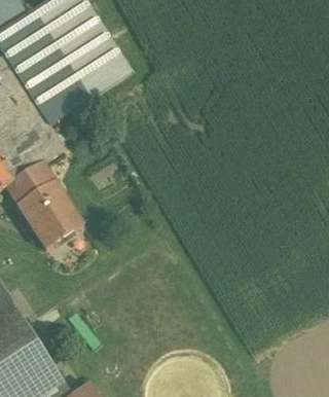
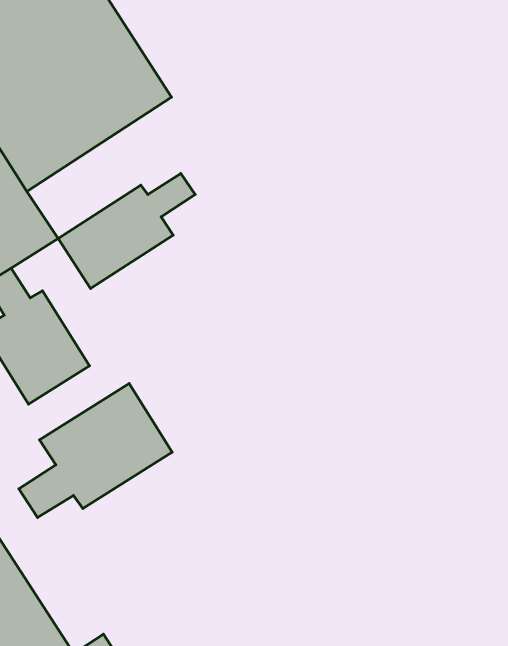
building: none -> [58,174,195,289]
building: none -> [19,383,172,517]

